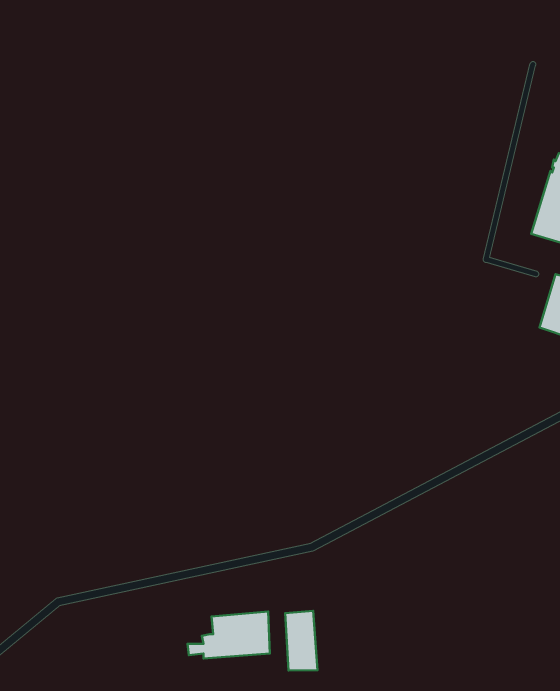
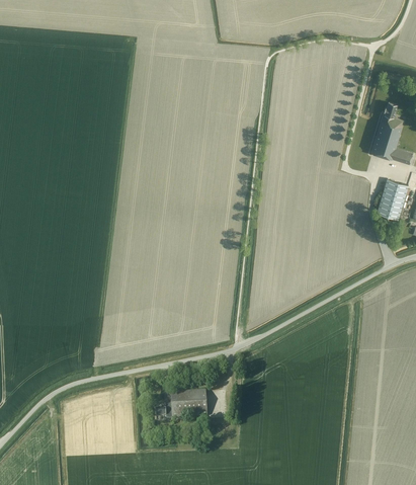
building: [285,611,318,671] -> none

